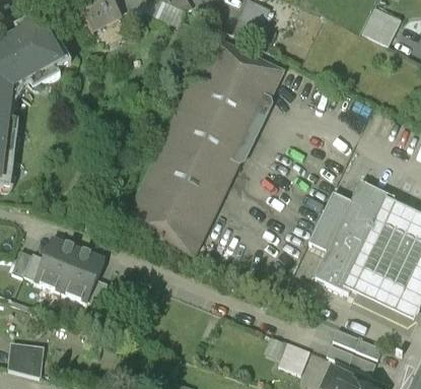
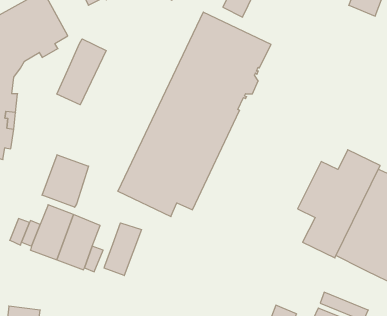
building: none -> [57,39,106,105]
building: none -> [42,155,89,207]
building: none -> [104,223,141,276]

